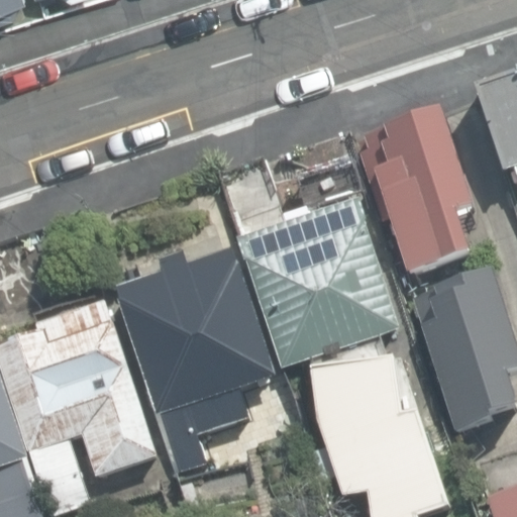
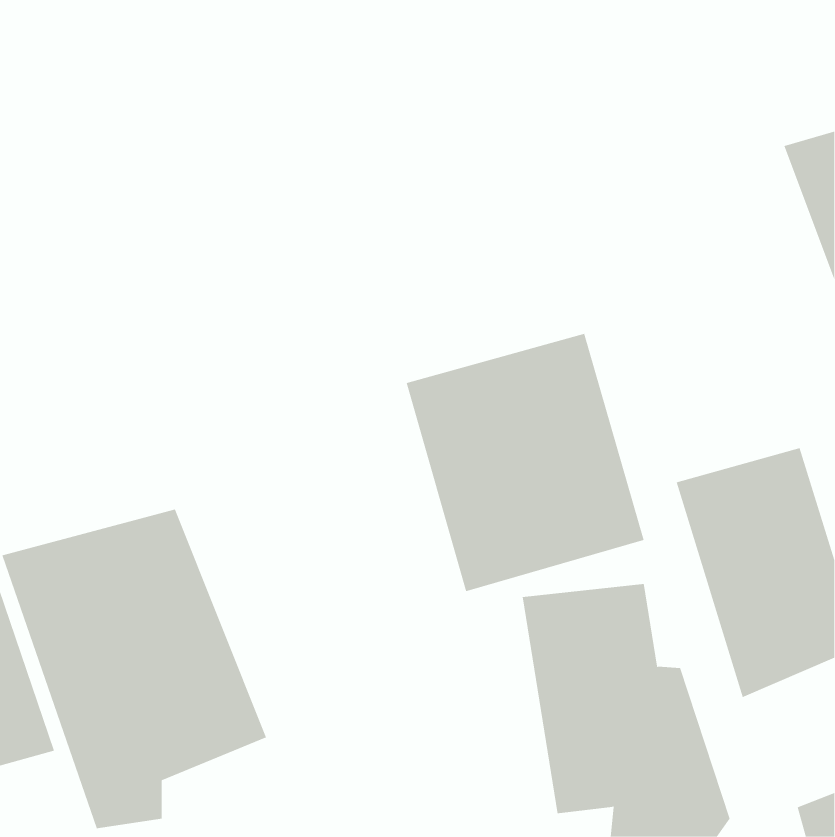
building: [355,113,484,280] -> none
building: [116,256,285,446] -> none

